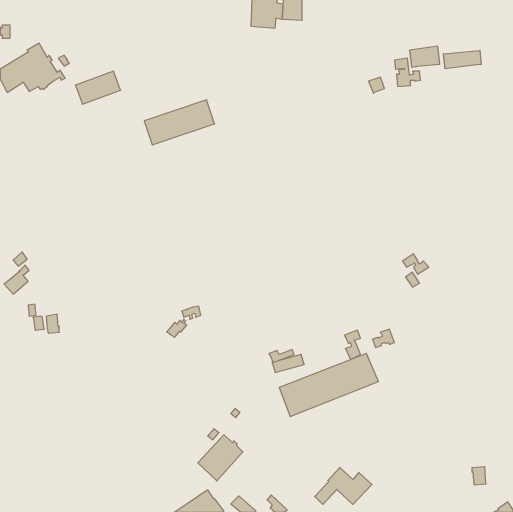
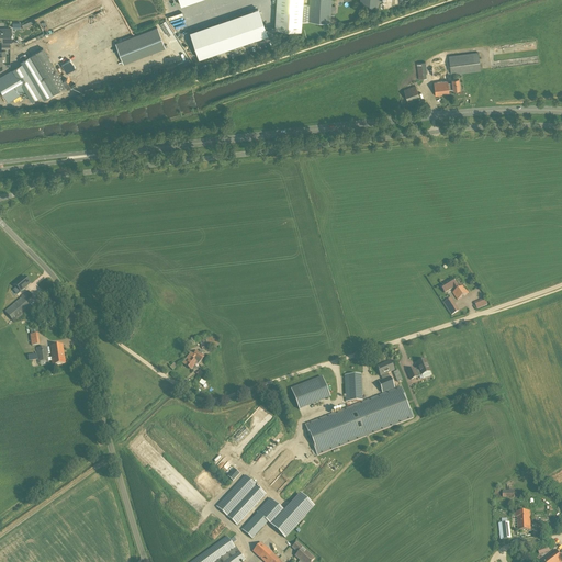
building: [444,50,481,69] -> none
building: [75,71,121,104] -> [115,26,165,63]
building: [144,100,215,145] -> [190,8,267,57]
building: none -> [344,374,362,402]
building: [315,467,372,504] -> [243,497,305,538]

